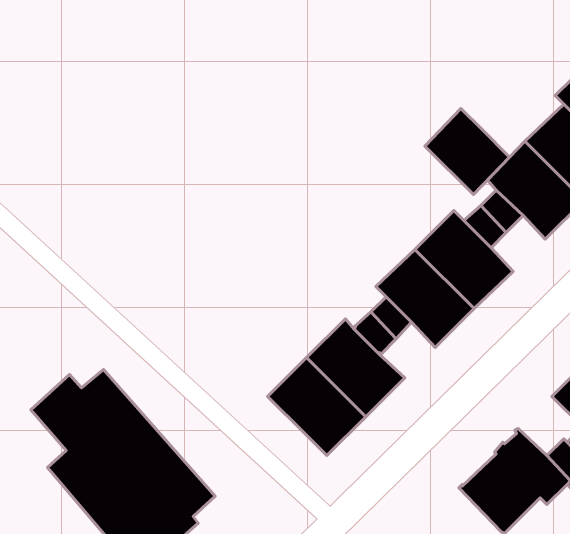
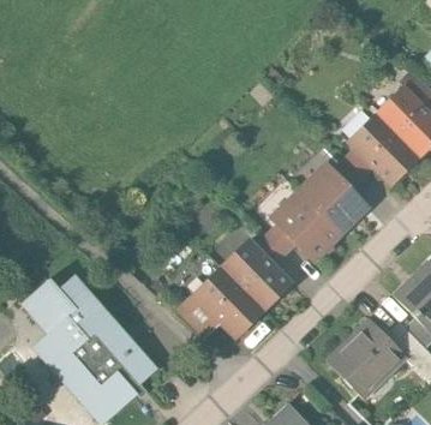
building: [425,108,510,195] -> none
building: none -> [178,295,219,335]

